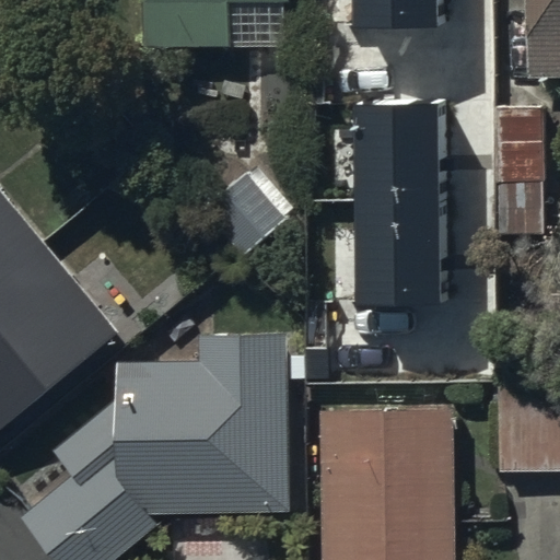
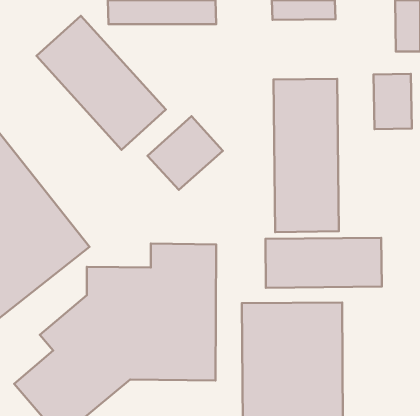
building: none -> [37,16,166,150]
building: none -> [265,238,382,288]

